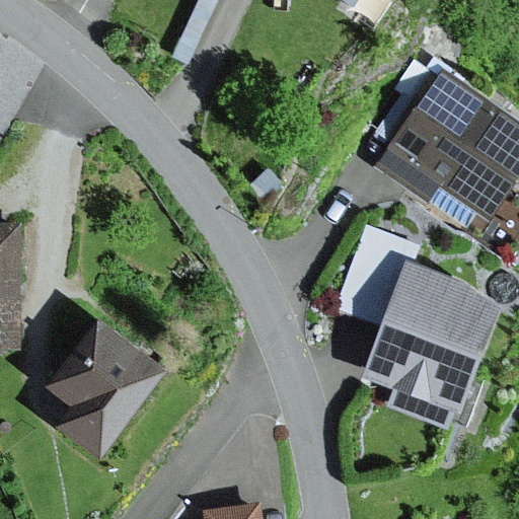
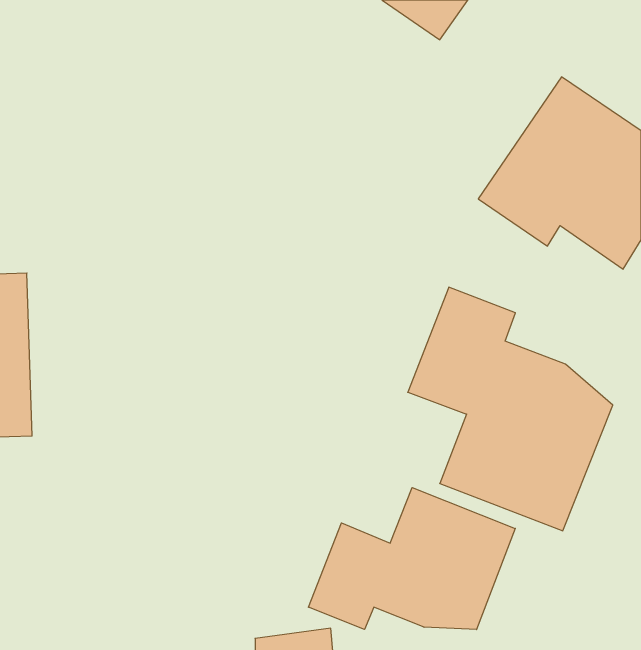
building: [52,315,172,458] -> none
building: none -> [308,488,515,630]

